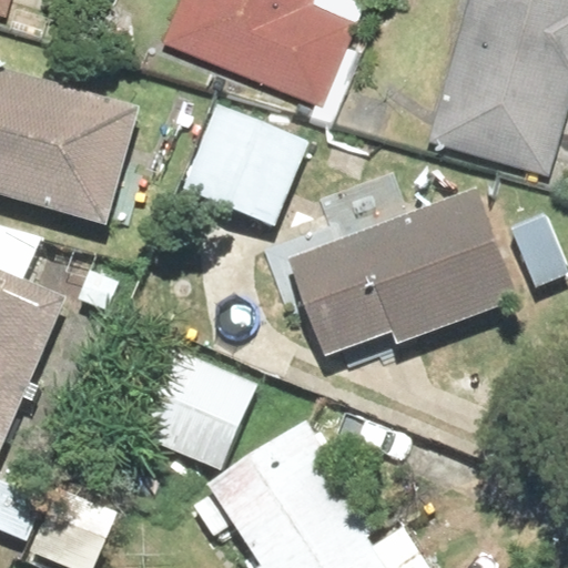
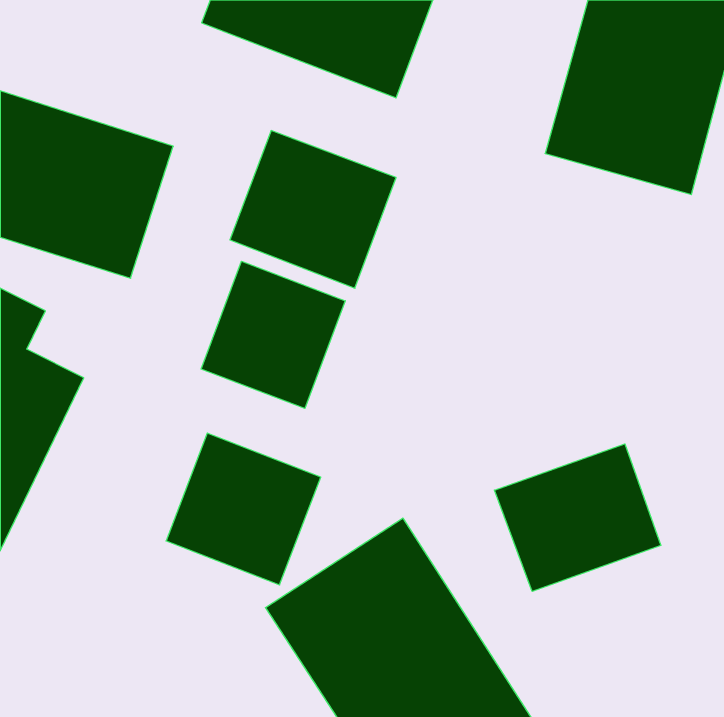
building: [282,187,516,365] -> none
building: none -> [201,261,345,408]
building: none -> [494,444,661,591]

